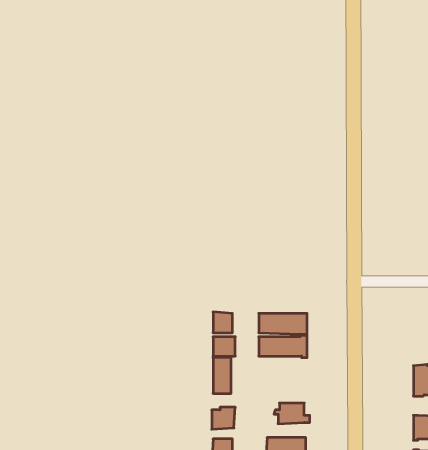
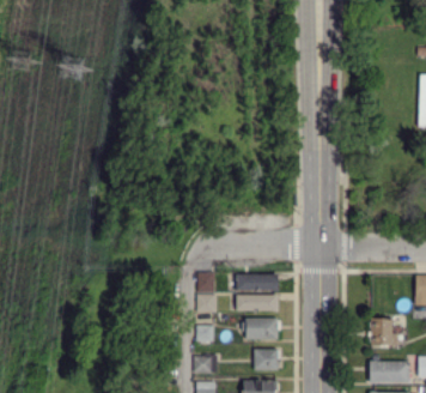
building: none -> [243,318,281,337]

